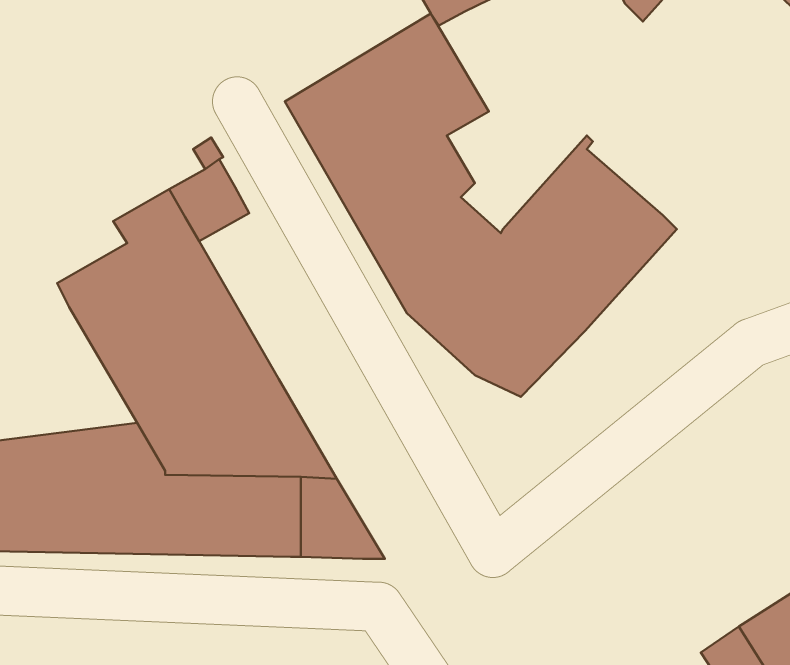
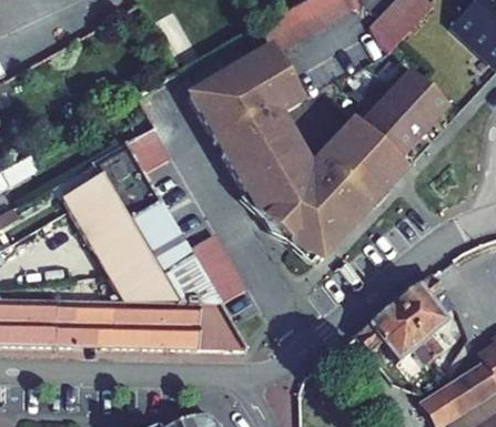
building: none -> [356,63,448,159]
building: none -> [185,233,246,305]
building: none -> [354,275,458,376]

